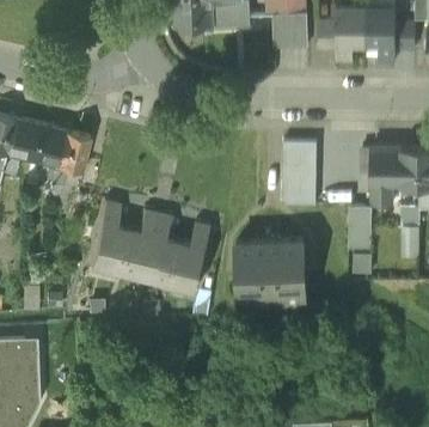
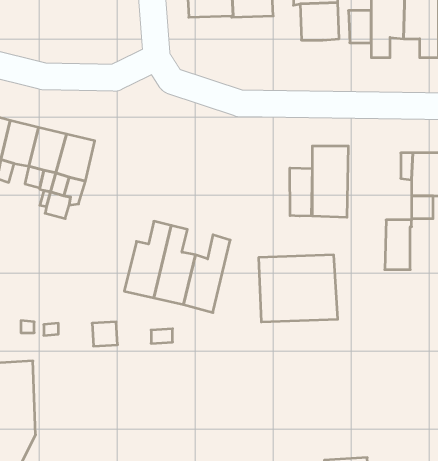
building: none -> [290,168,312,216]
building: [88,199,127,270] -> none

